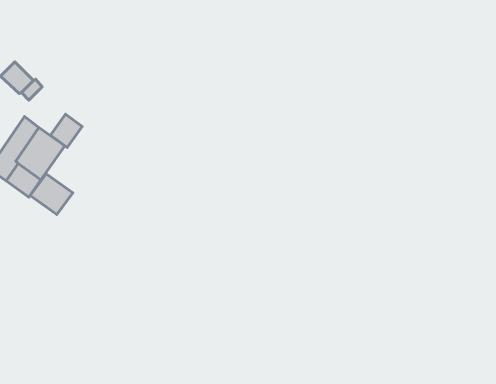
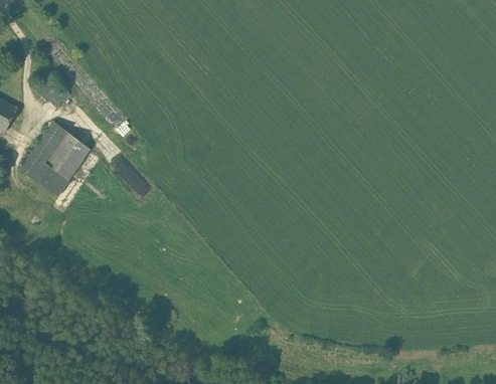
building: [51,114,82,147] -> none
building: [30,174,73,215] -> none

